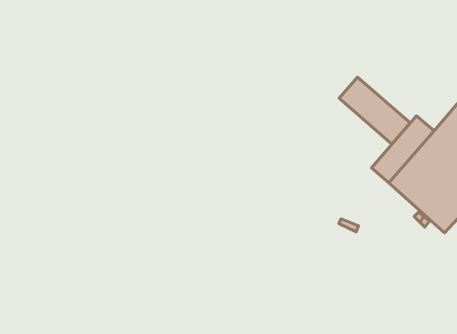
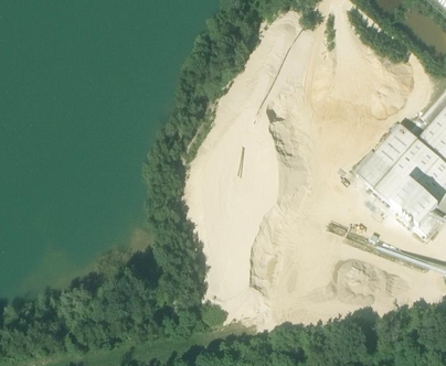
building: [339,77,410,144] -> none

